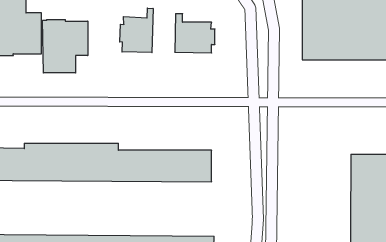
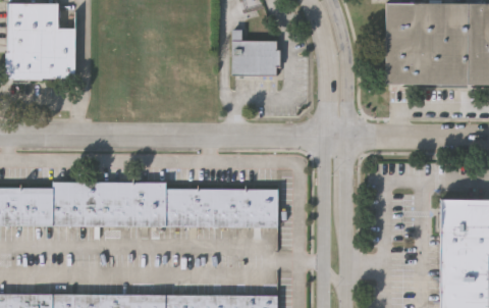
building: [120,8,153,53] -> none
building: [43,20,88,73] -> none

